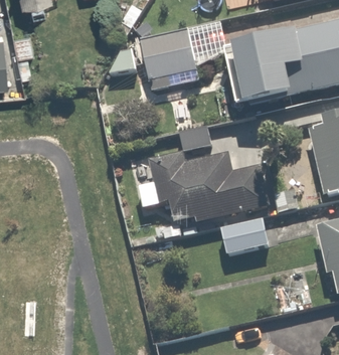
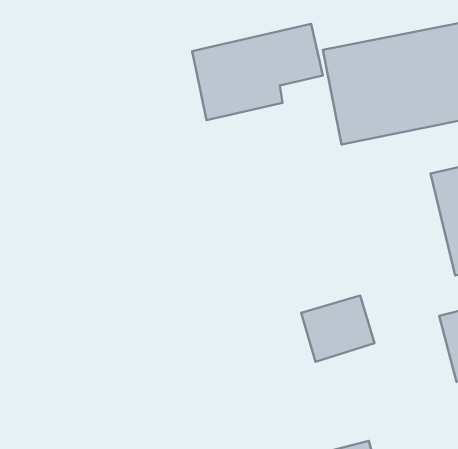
building: [137,144,270,227] -> none

